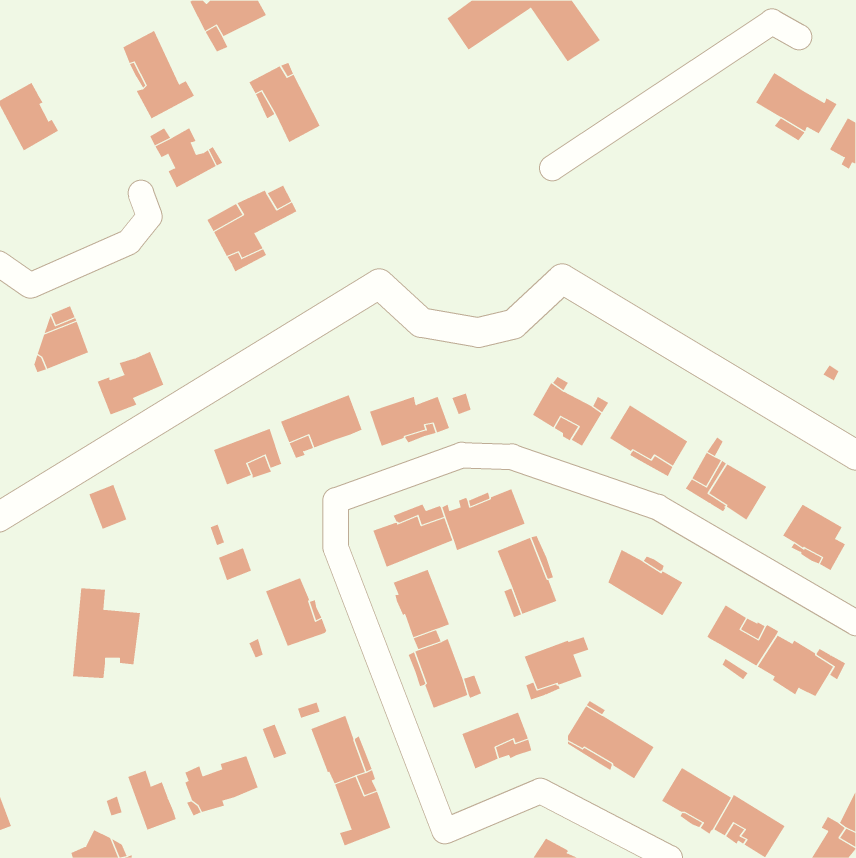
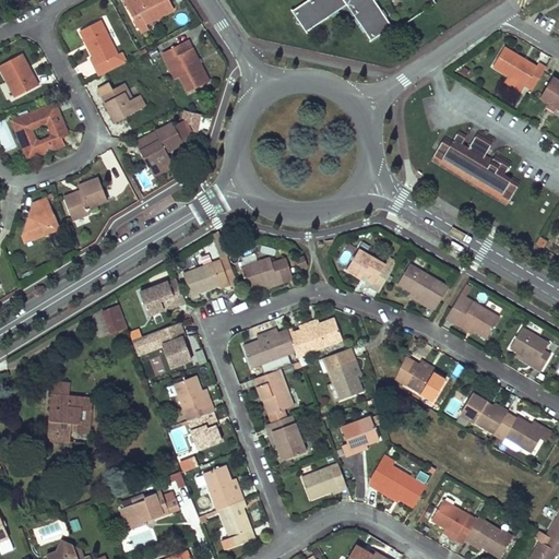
building: none -> [12,104,68,159]
building: none -> [431,131,520,203]
building: [97,351,164,415] -> [63,178,107,219]
building: [89,484,127,530] -> [102,305,127,334]
building: none -> [157,323,190,368]
building: none -> [187,412,221,449]
building: [128,770,176,830] -> none

